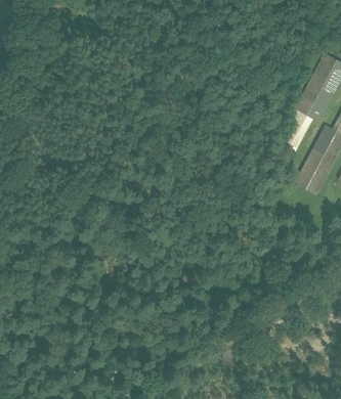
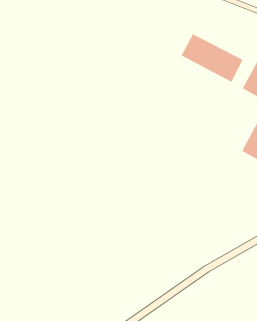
building: none -> [181,33,243,83]

